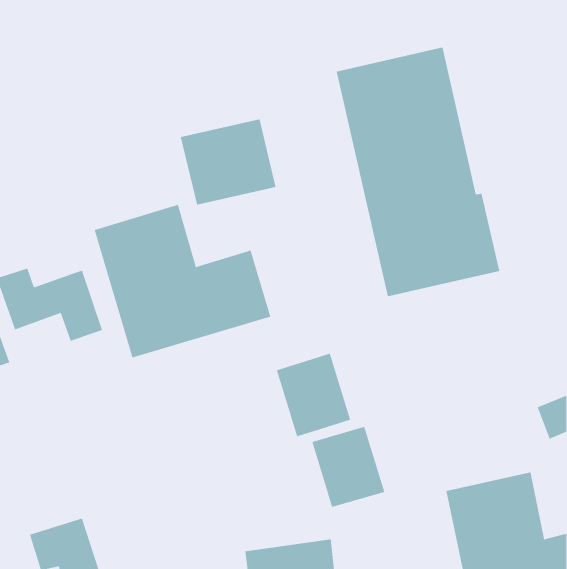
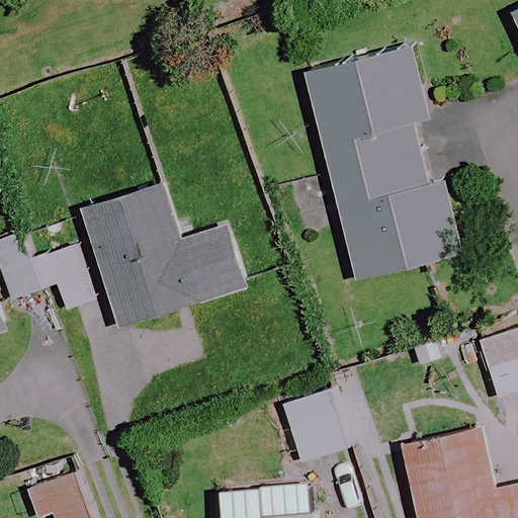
building: [180,118,276,206] -> none
building: [276,353,351,437] -> none

